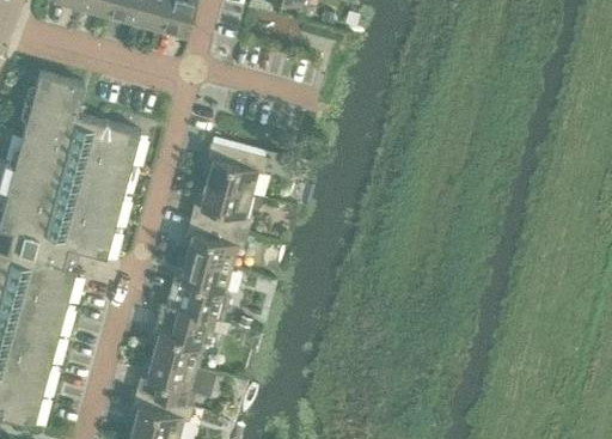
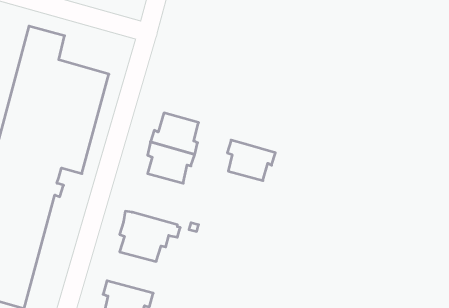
building: [207,142,267,193] -> [227,140,275,181]
building: [169,256,232,319] -> none
building: [137,353,215,404] -> none

